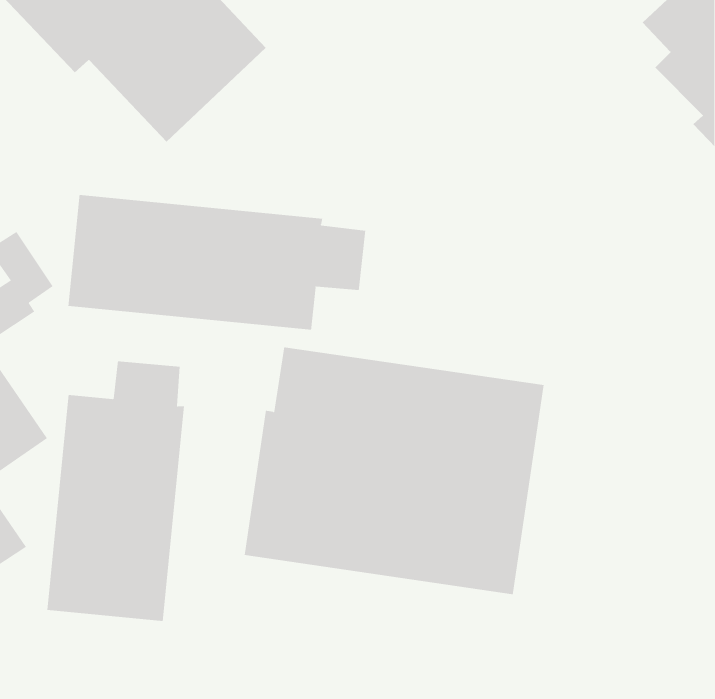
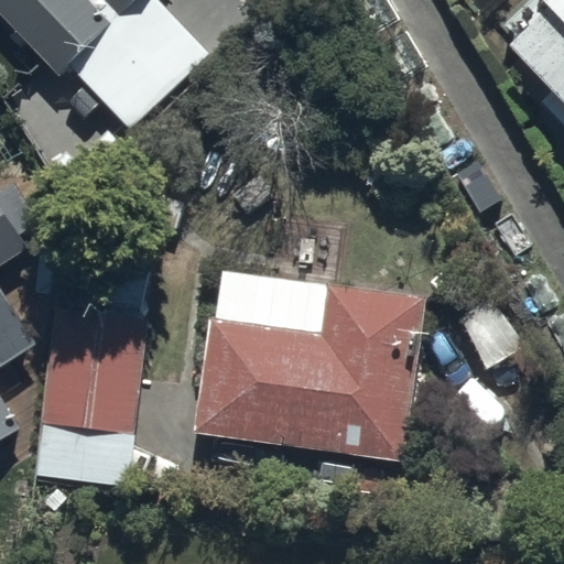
building: [68,194,366,330] -> none

